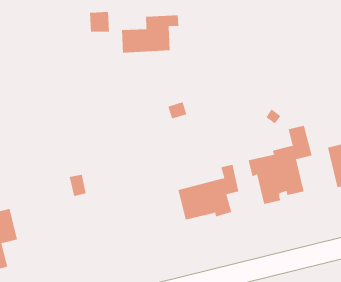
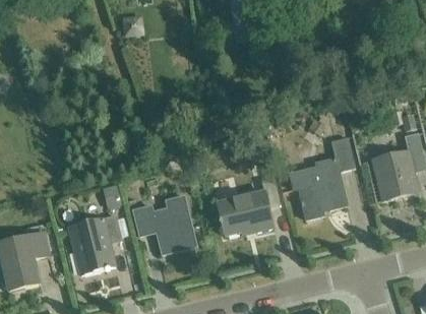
building: [121,14,179,54] -> none
building: none -> [133,196,196,254]
building: none -> [69,214,122,273]

